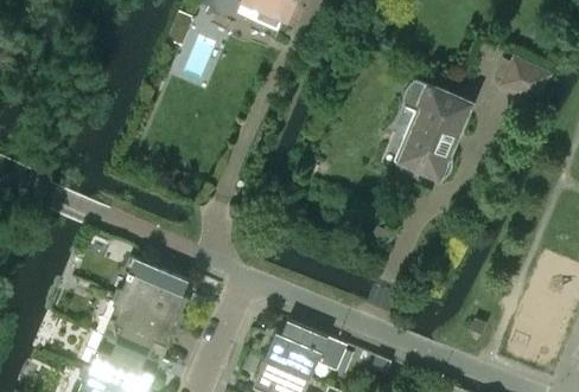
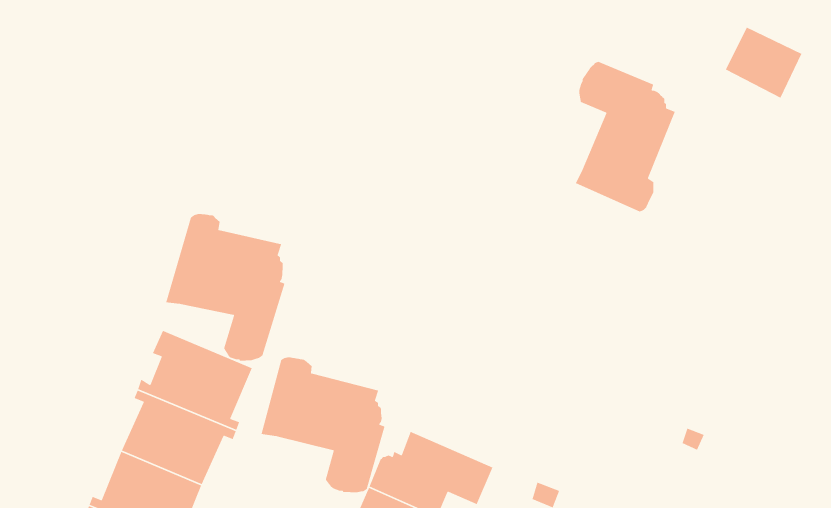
building: none -> [165,213,286,361]
building: none -> [261,357,386,493]

